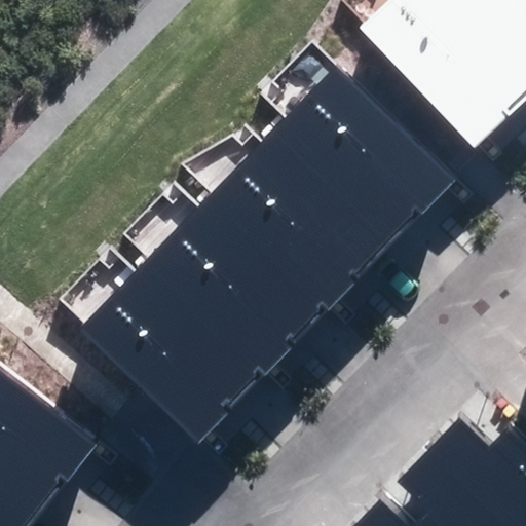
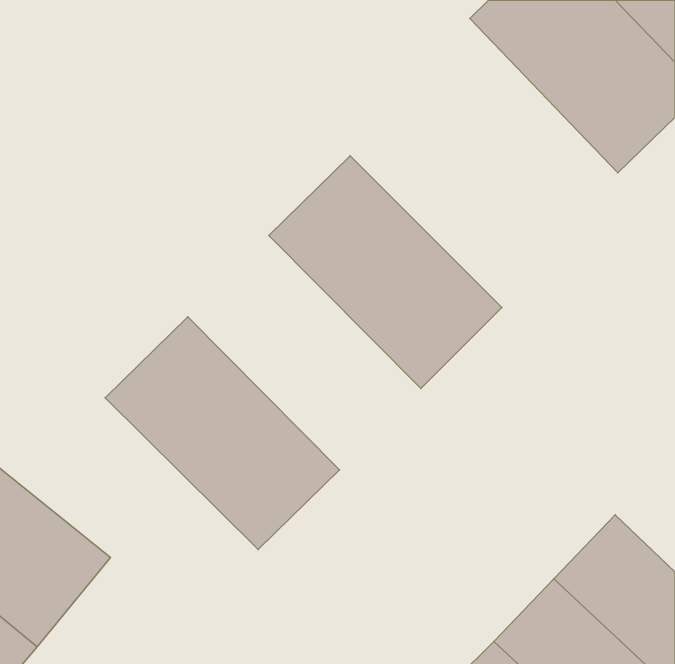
building: [270,70,451,250] -> none
building: [145,194,325,375] -> none

